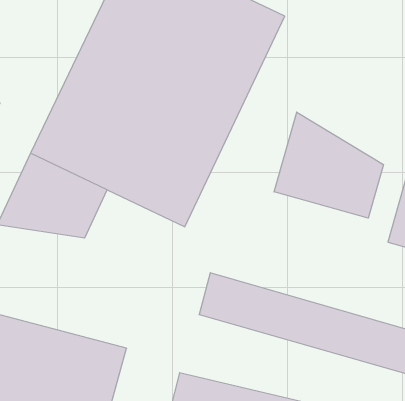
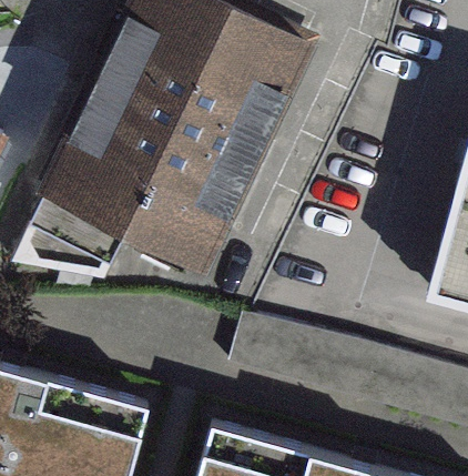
building: [274,112,384,218] -> none

